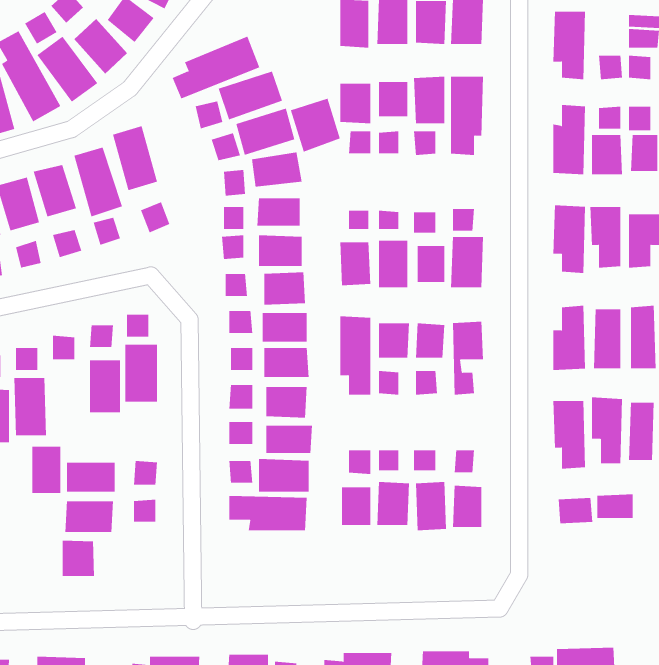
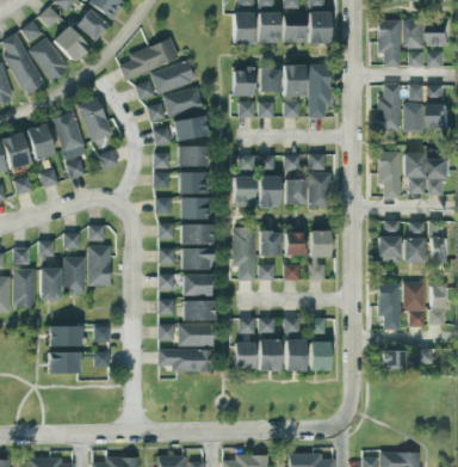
building: none -> [403,19,426,48]
building: [290,98,341,153] -> none
building: [31,446,61,494] -> [41,268,61,300]
building: [62,540,95,577] -> none

